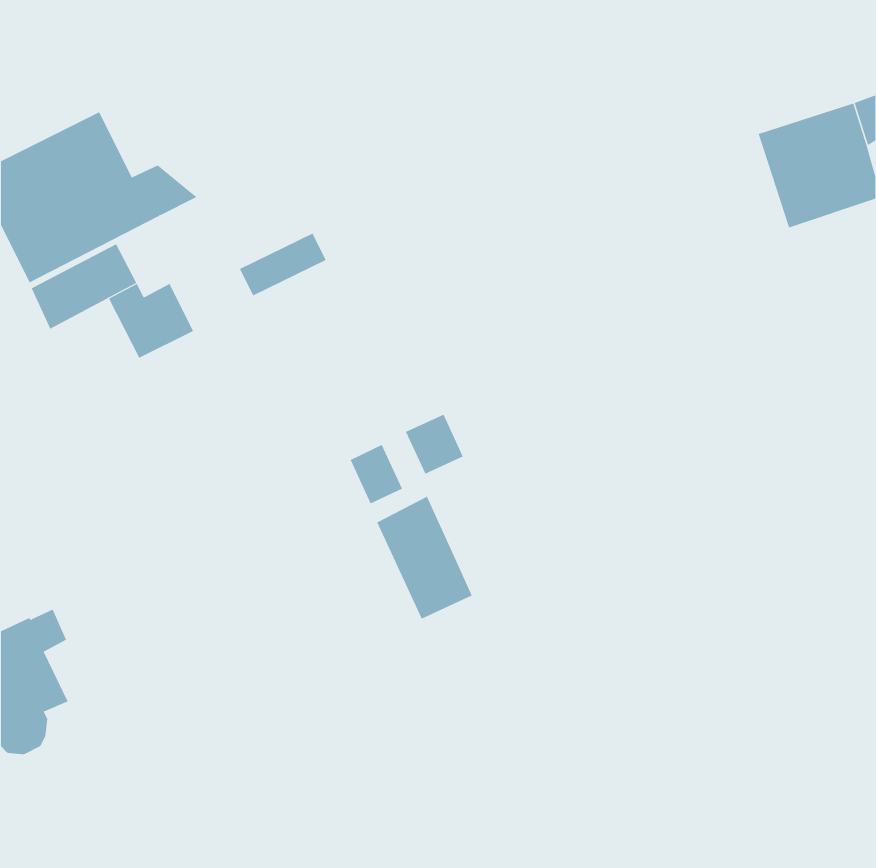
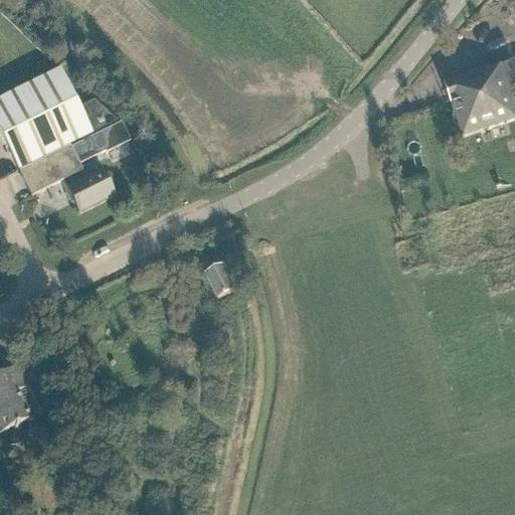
building: [239,233,327,296] -> [70,122,122,159]
building: [405,414,464,474] -> none
building: [376,496,473,619] -> none

